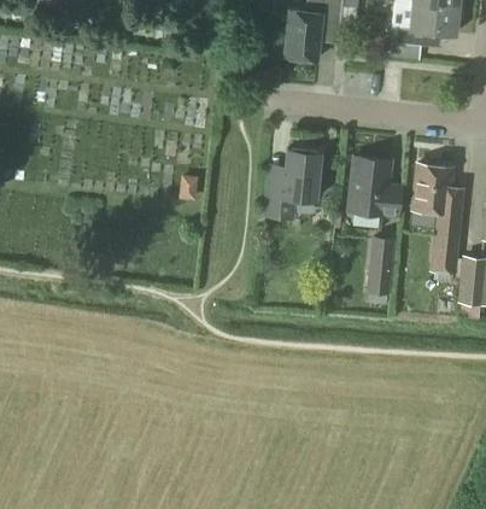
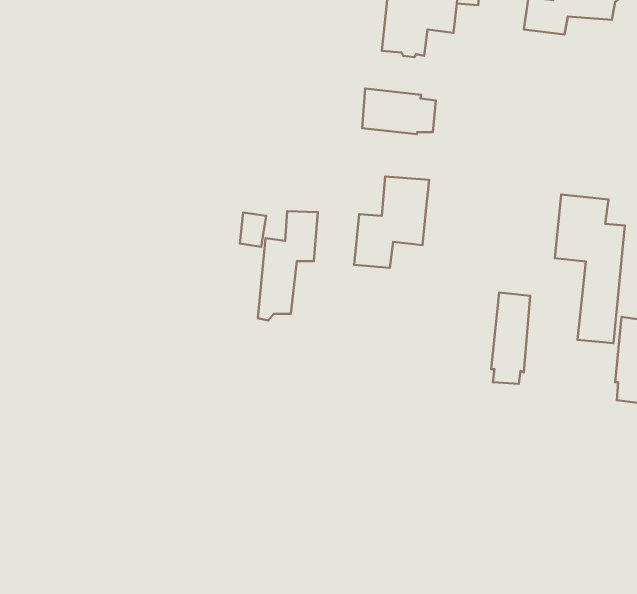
building: none -> [362,88,436,134]
building: [350,156,404,216] -> none
building: none -> [258,211,318,321]

